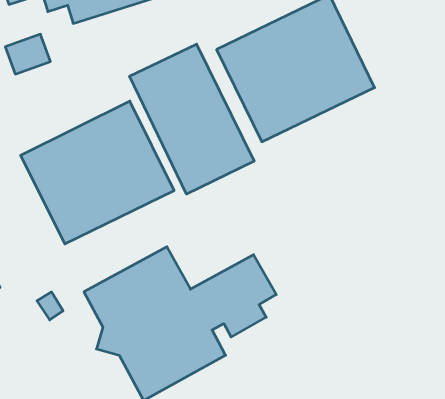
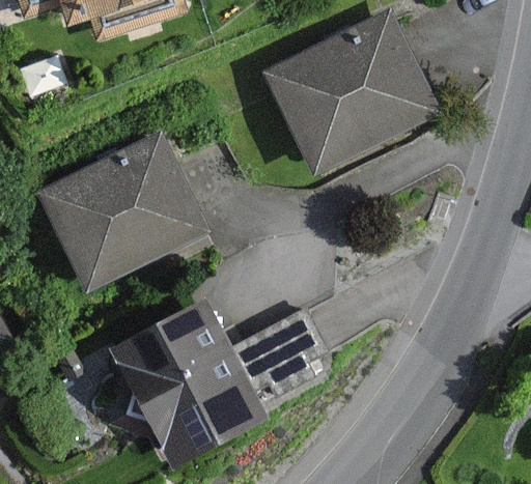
building: [130,44,254,194] -> none

